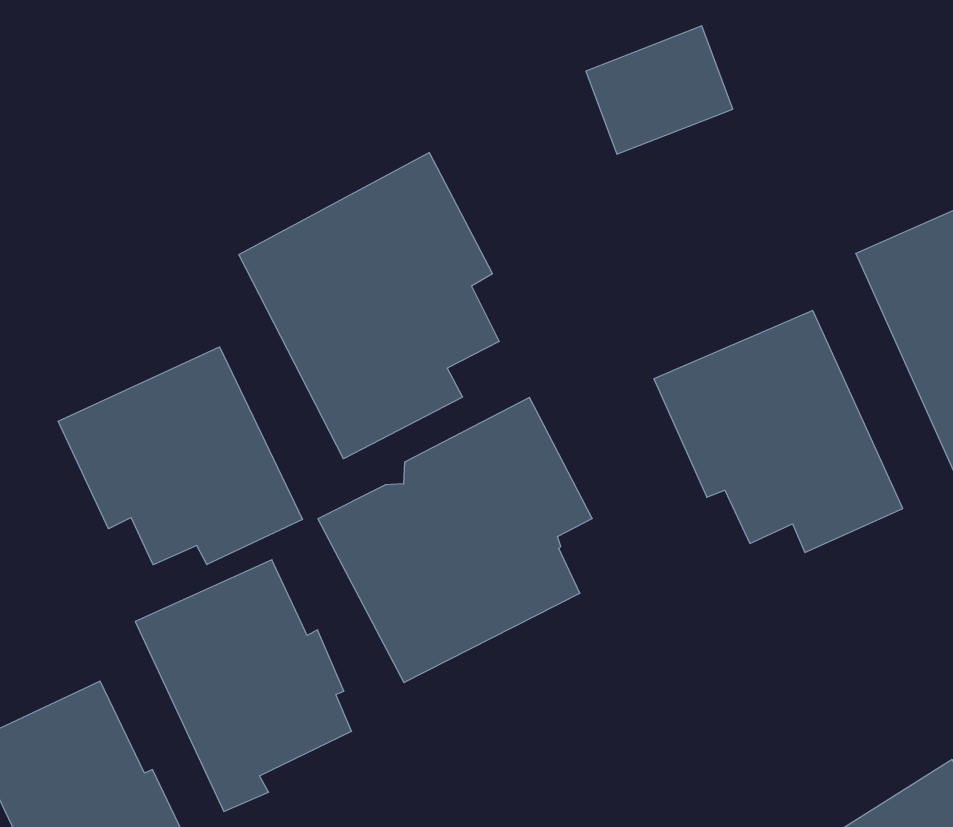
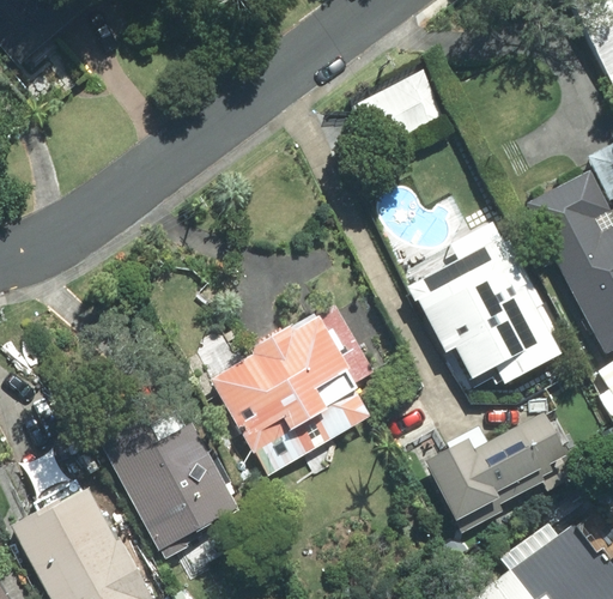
building: [239,153,499,459] -> none
building: [58,347,303,565] -> none
building: none -> [424,411,568,533]

